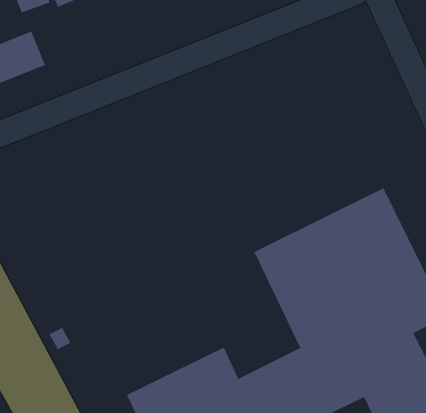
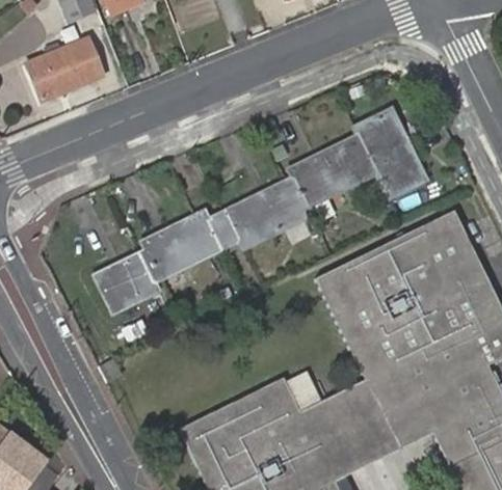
building: none -> [98,108,426,311]

